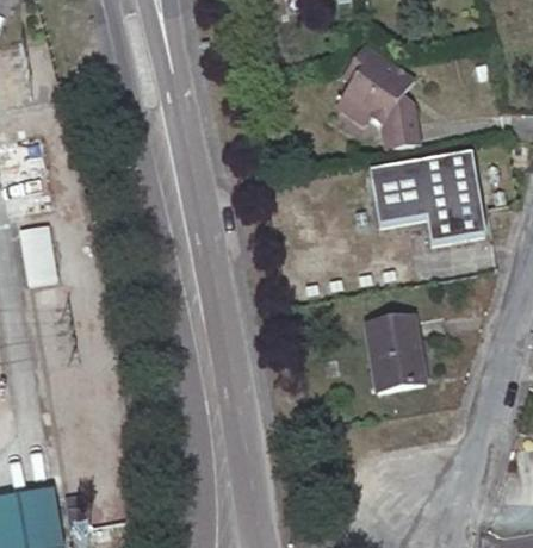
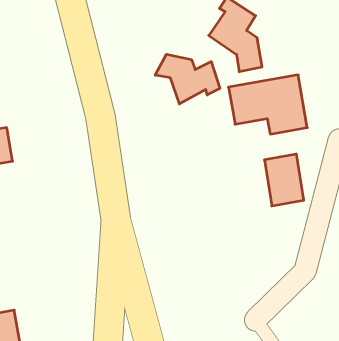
building: none -> [155,54,220,104]
building: [365,312,422,387] -> [264,154,304,206]

